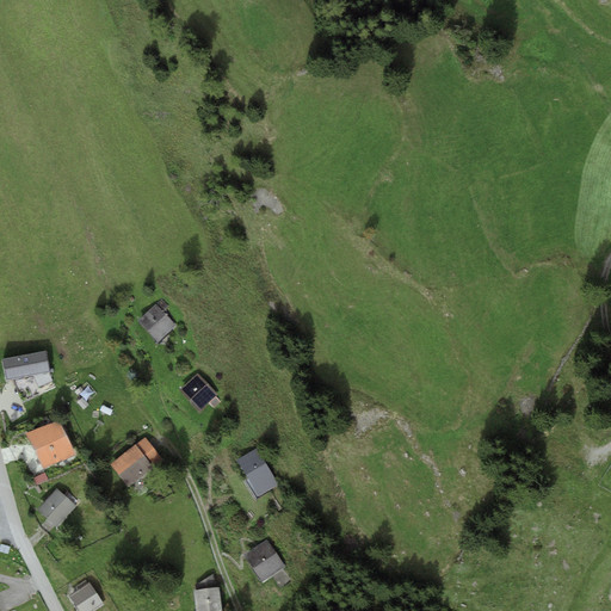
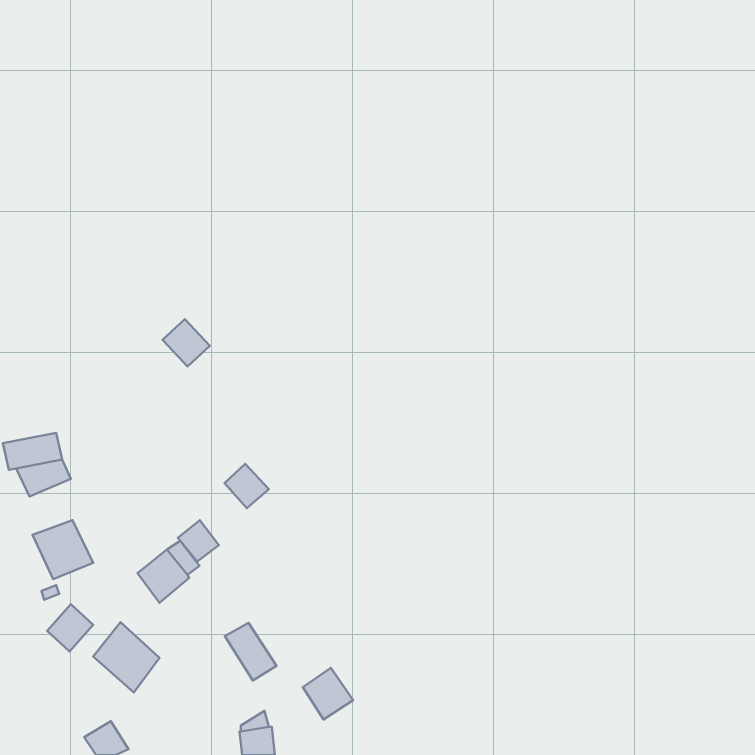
building: [138,304,177,342] -> [163,319,210,366]
building: none -> [178,520,219,562]
building: [236,449,278,495] -> [225,623,276,680]
building: none -> [93,622,160,693]

